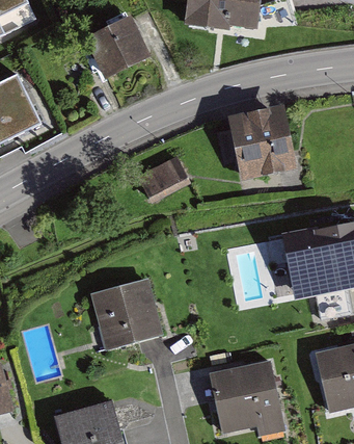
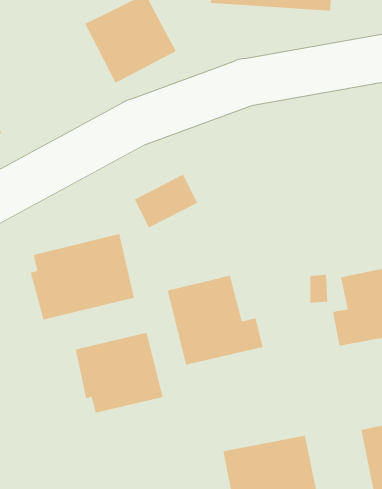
building: [217,106,299,181] -> none
building: none -> [30,233,135,320]
building: none -> [167,275,264,366]

